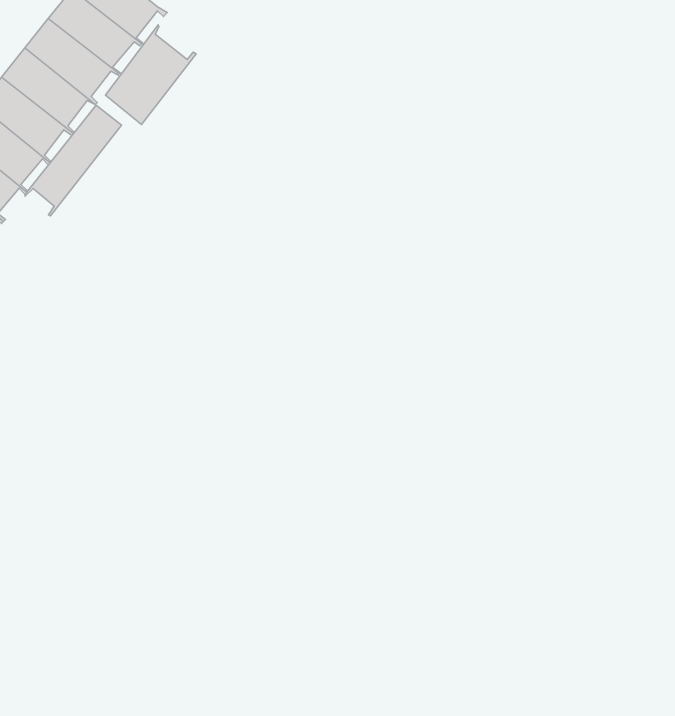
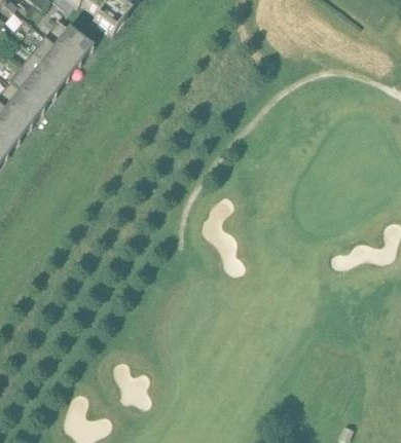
building: [105,25,196,124] -> none
building: [25,105,121,216] -> none

